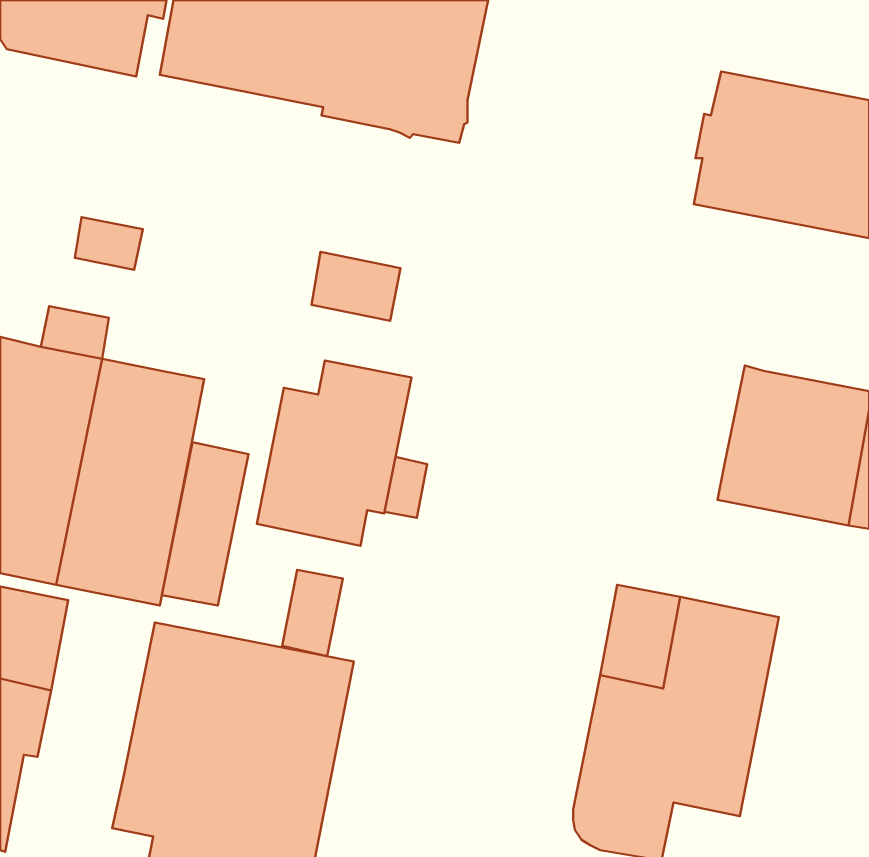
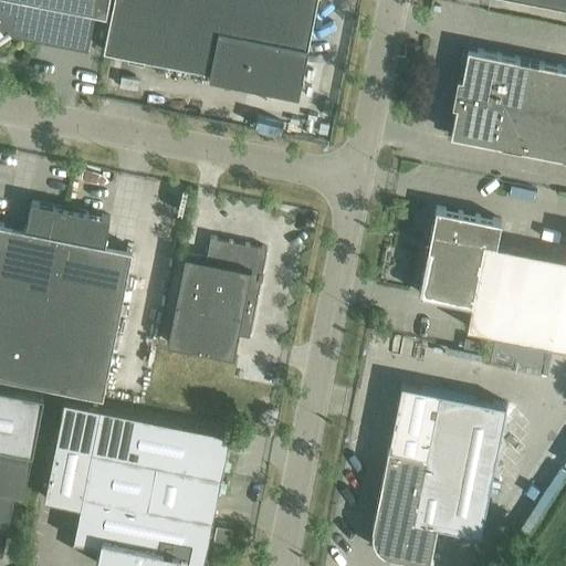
building: [75,217,143,270] -> [66,214,111,249]
building: [312,252,401,321] -> none
building: none -> [419,212,501,310]
building: [162,442,249,606] -> [44,405,101,511]
building: [385,457,427,518] -> none
building: [282,570,343,656] -> none

